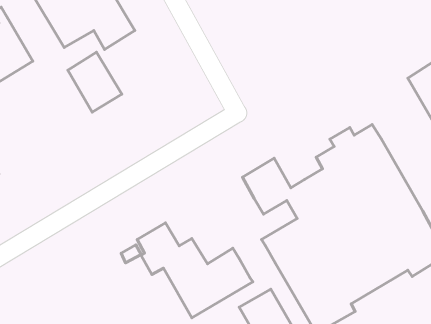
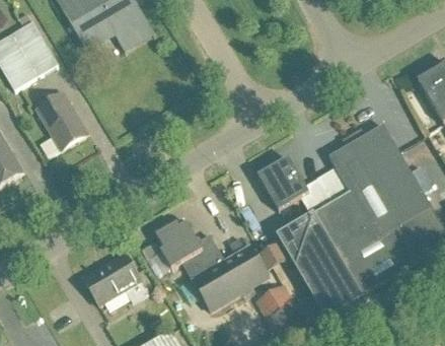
building: [68,52,122,112] -> [35,90,87,148]
building: none -> [255,239,289,270]
building: none -> [82,252,148,303]

